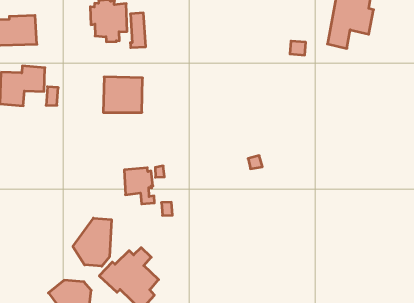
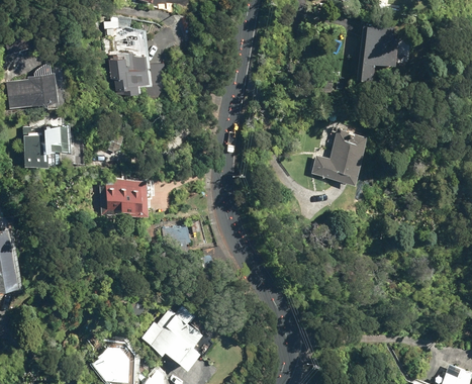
building: [103,77,143,112] -> [105,176,147,214]
building: none -> [311,127,366,184]
building: [73,218,111,266] -> none

